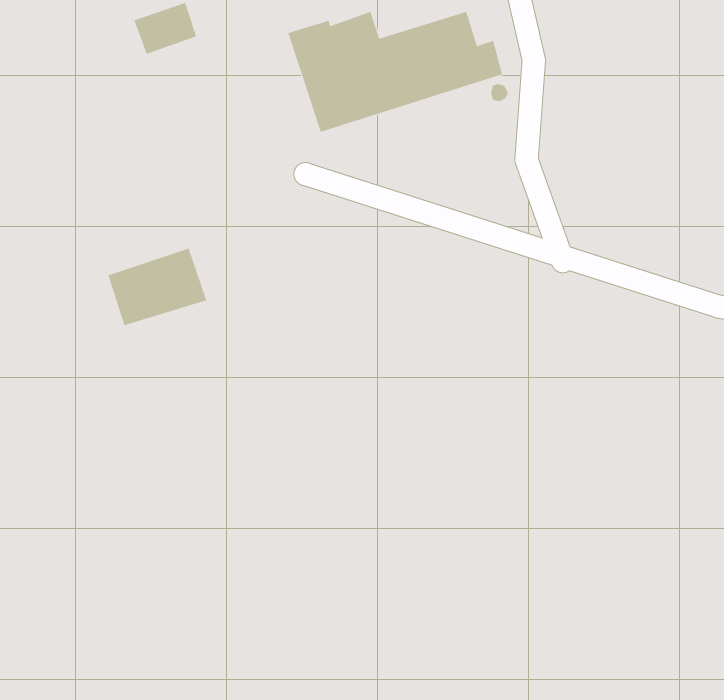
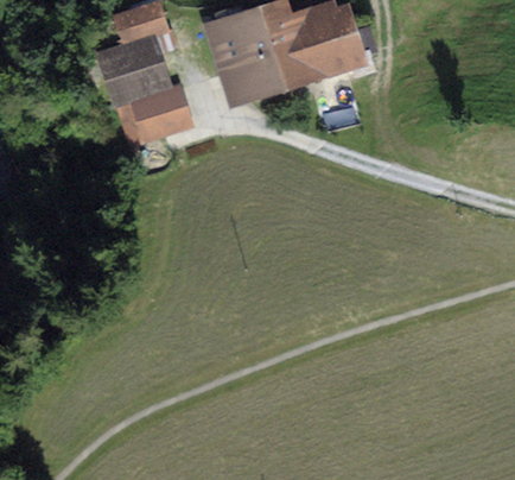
building: none -> [103,39,164,100]
building: [108,248,207,326] -> [119,89,184,140]

